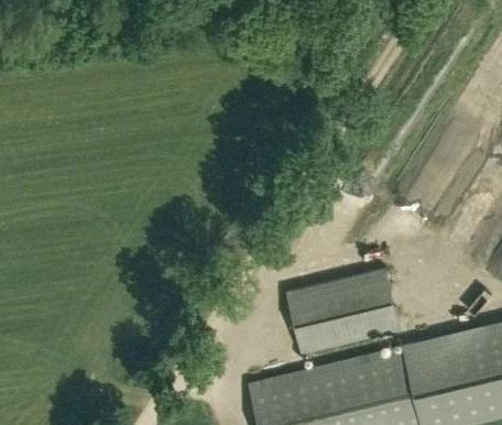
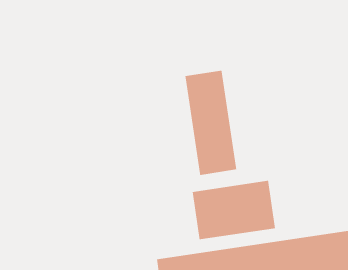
building: none -> [185,70,237,176]

